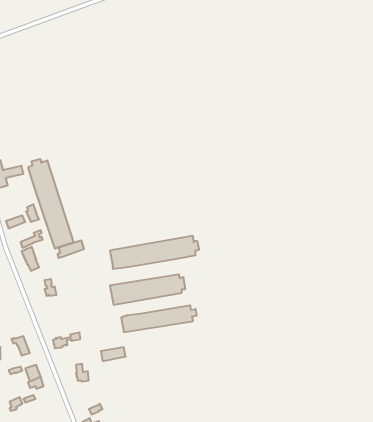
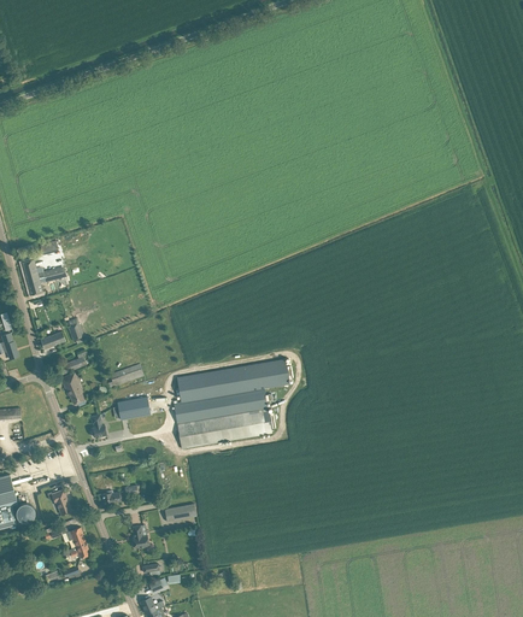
building: [28,159,73,249] -> none
building: none -> [117,396,149,419]
building: [121,305,197,332] -> [172,388,271,423]

